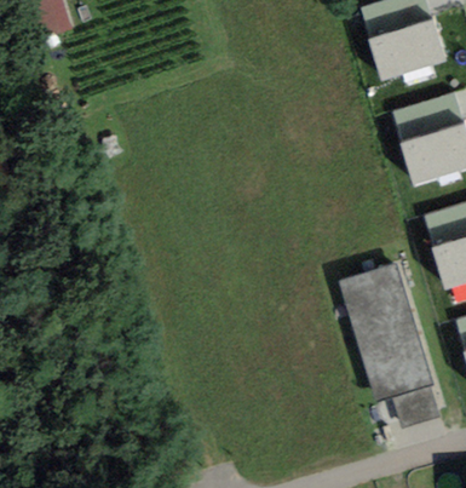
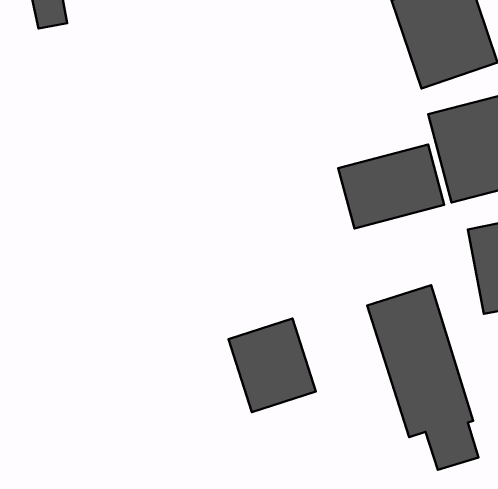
building: none -> [338,145,444,228]
building: none -> [228,319,316,412]

